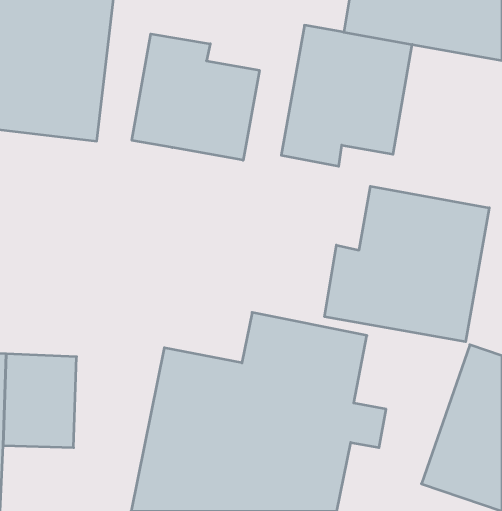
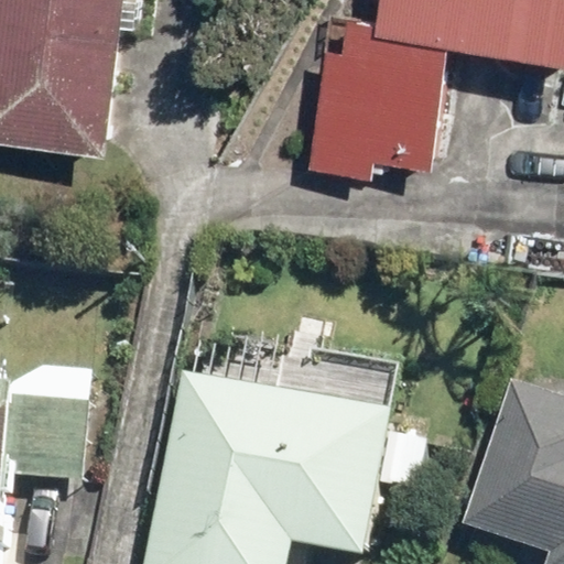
building: [132,34,259,160] -> none
building: [325,186,489,342] -> none

